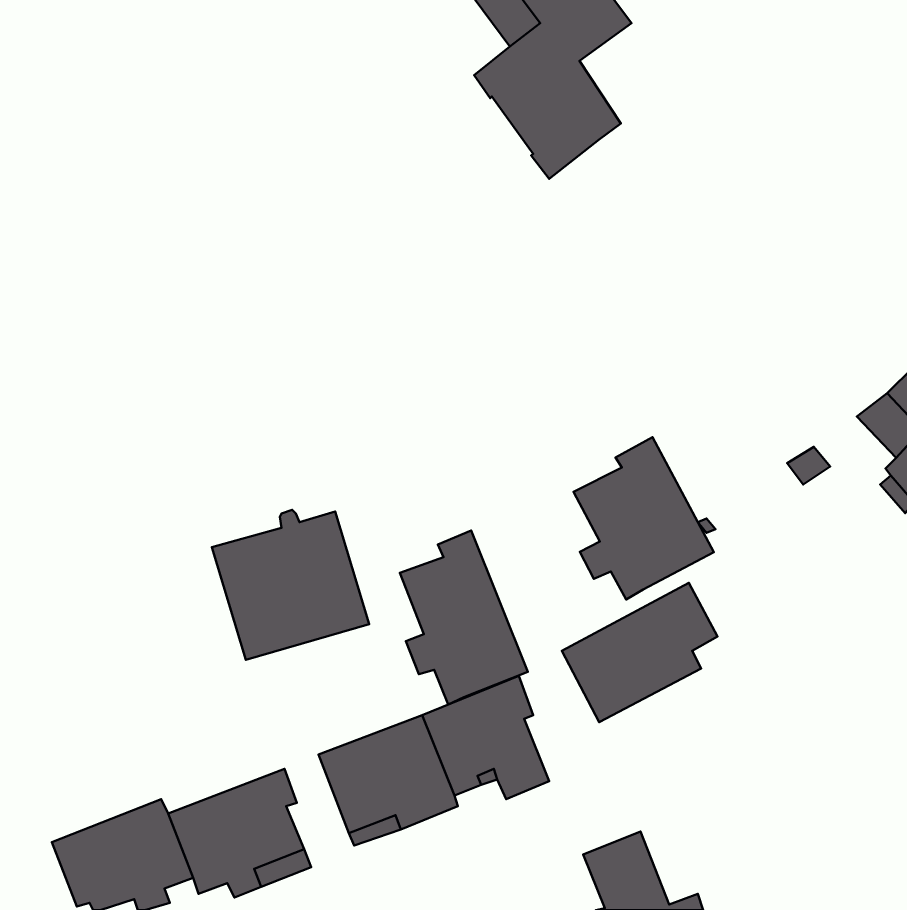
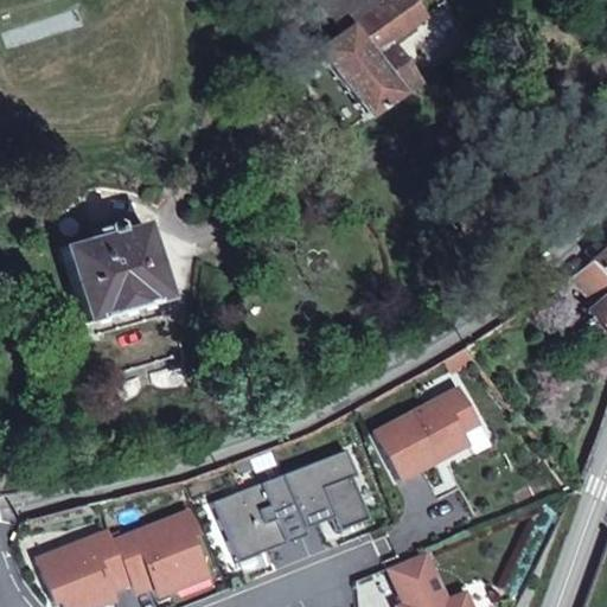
building: [574,437,714,600] -> none
building: [212,510,369,660] -> [66,222,171,321]
building: [400,531,528,704] -> none

